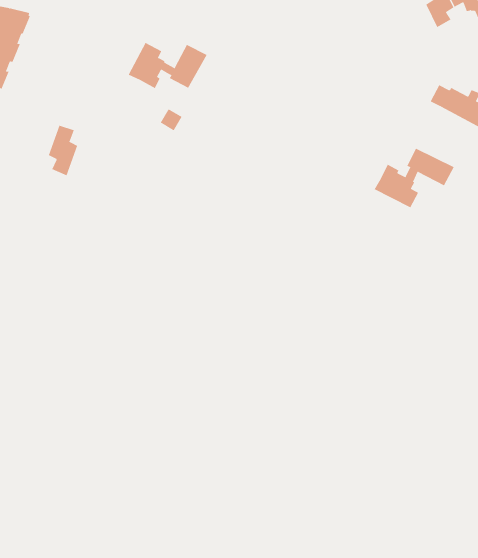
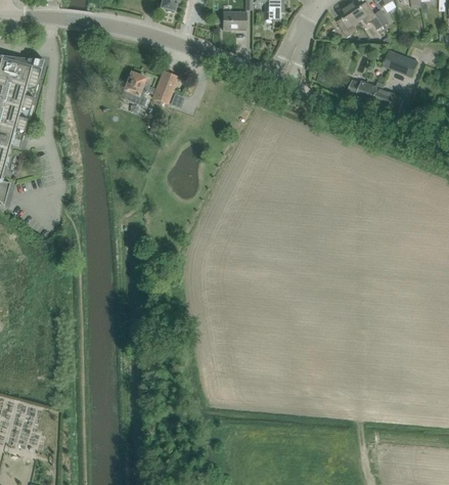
building: [48,125,78,176] -> none
building: [374,148,455,208] -> none

